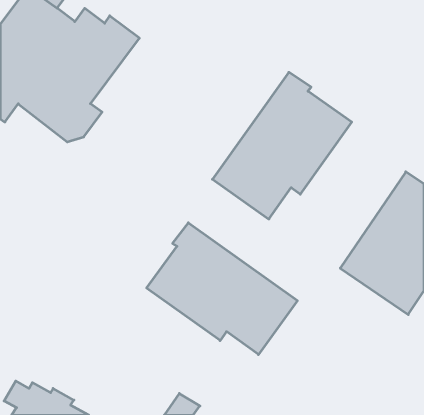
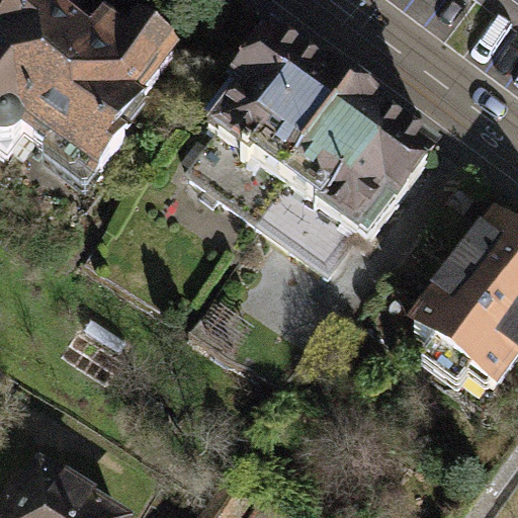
building: none -> [188,34,352,230]
building: [147,223,297,355] -> none

